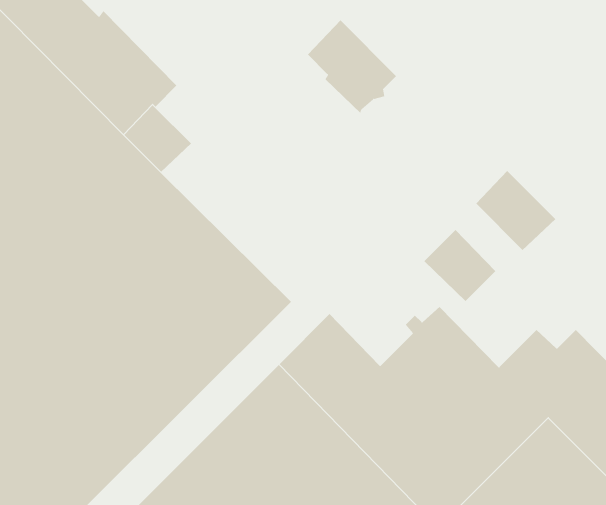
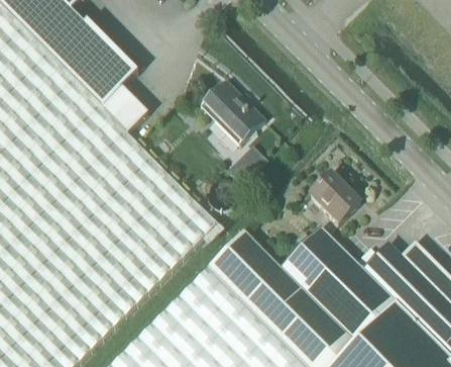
building: [307,20,397,114] -> [201,80,263,146]
building: [476,170,556,251] -> none
building: none -> [226,146,267,187]

